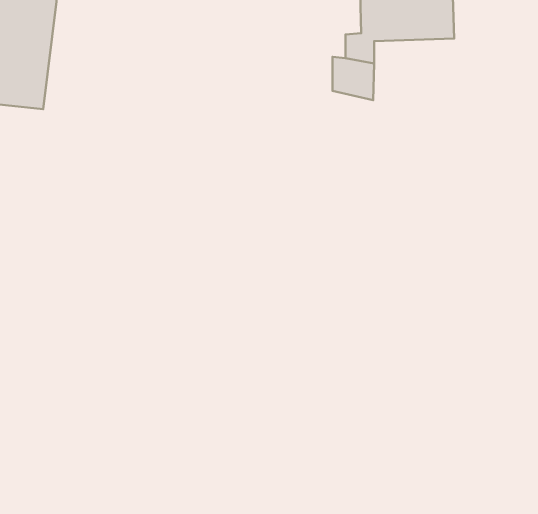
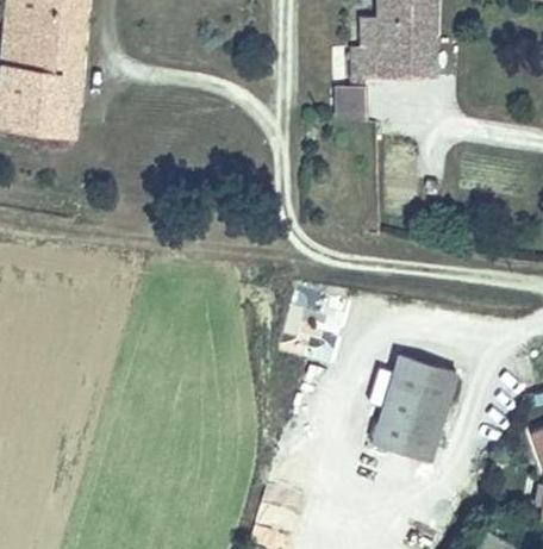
building: none -> [373,354,455,456]

